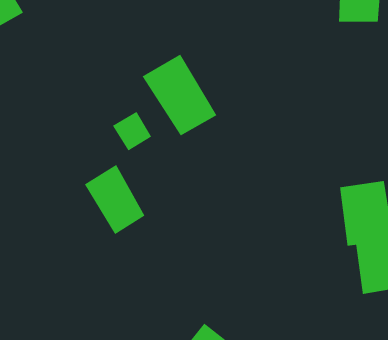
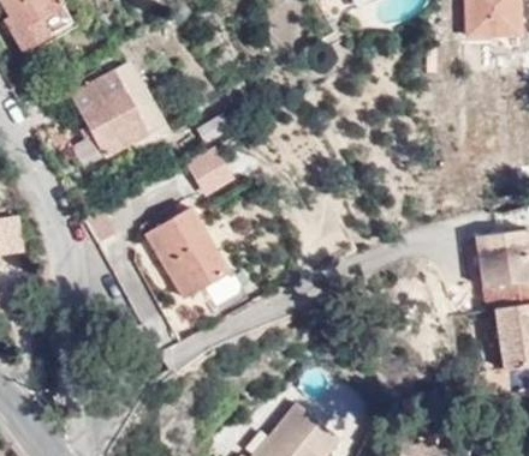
building: none -> [70,62,176,157]
building: [142,54,217,137] -> none

